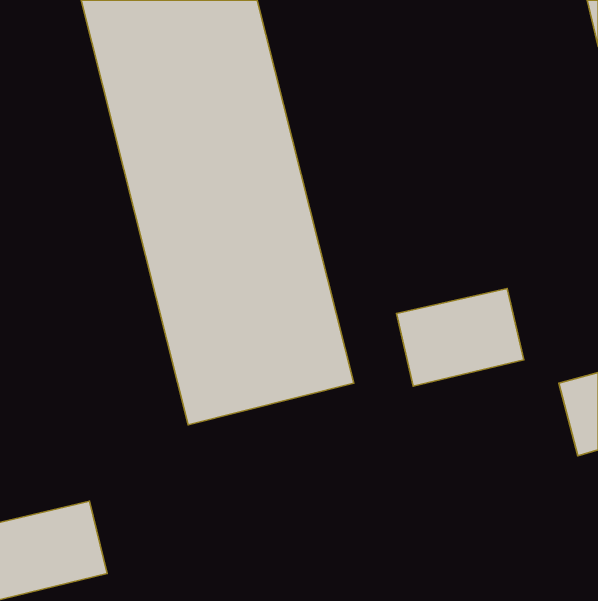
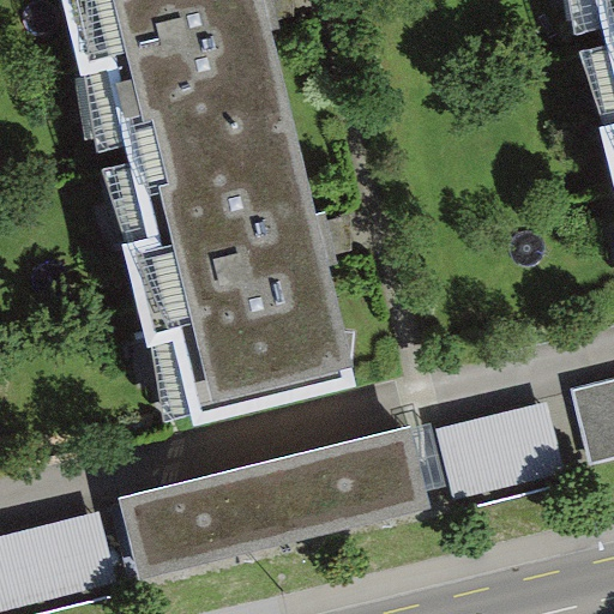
building: [397,289,524,386] -> [427,404,555,502]
building: none -> [112,419,422,572]

